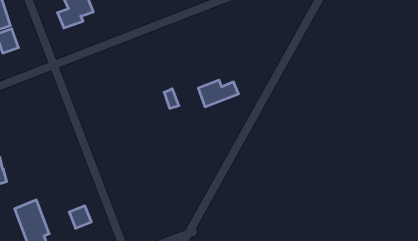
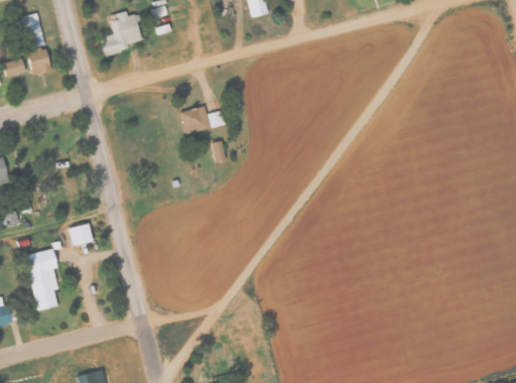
building: [198,80,239,107] -> [180,106,226,134]
building: [69,206,91,228] -> [69,222,93,246]

